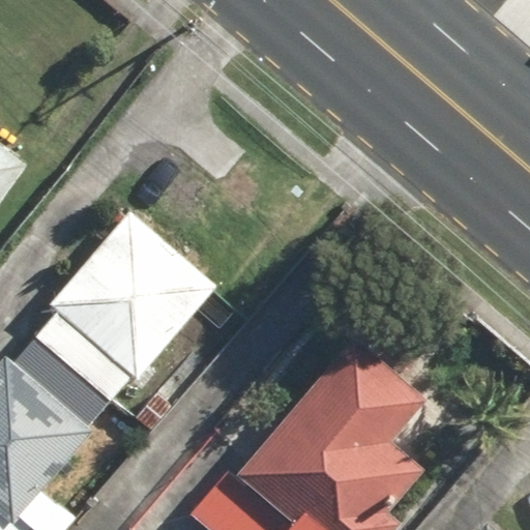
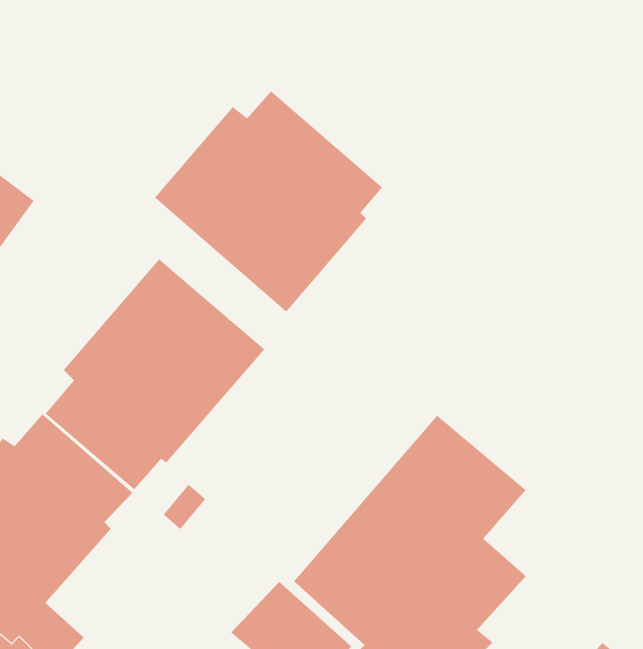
building: none -> [154,91,383,312]

